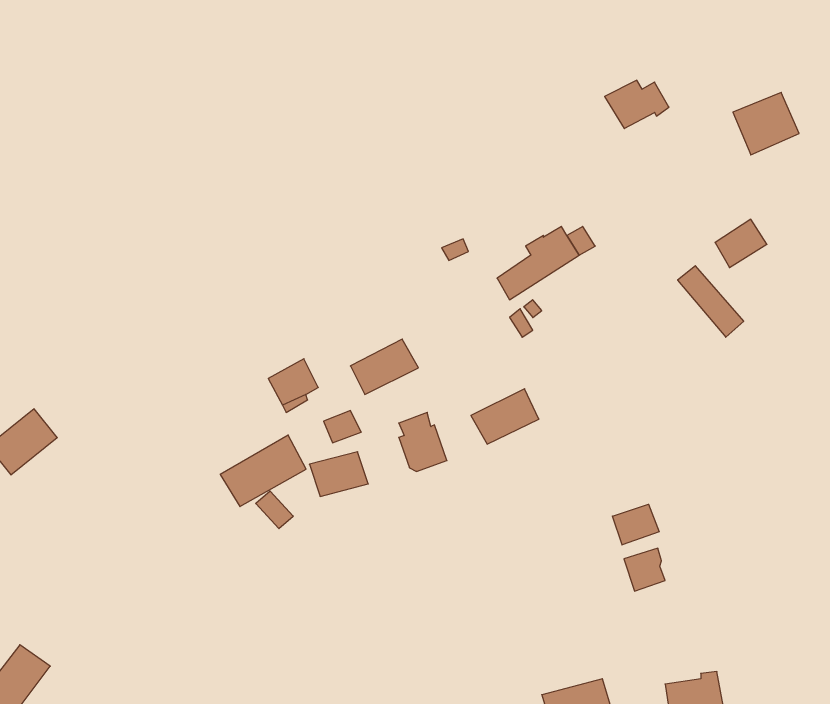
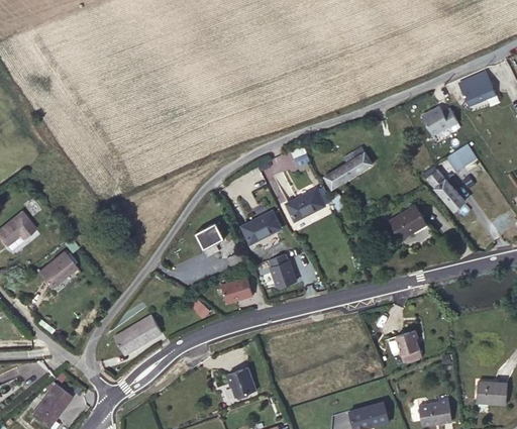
building: [605,80,669,129] -> [420,107,456,134]
building: none -> [390,206,425,238]
building: [471,389,539,444] -> [285,189,323,220]
building: [220,435,306,507] -> [113,316,162,356]
building: [612,504,659,545] -> none
building: none -> [227,367,256,397]
building: none -> [477,382,507,404]

